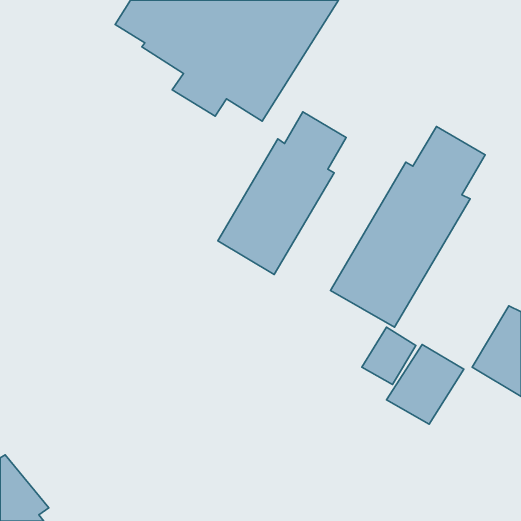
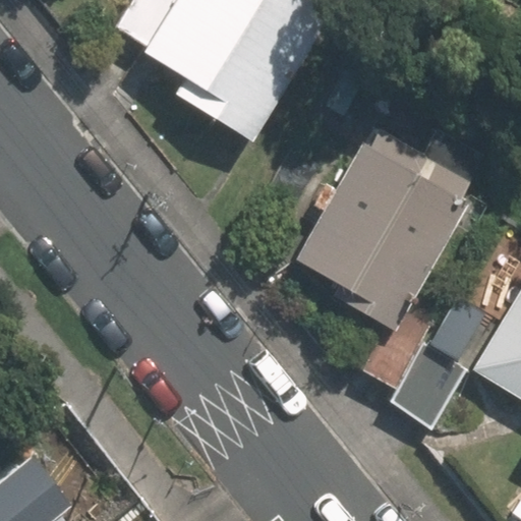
building: [218,112,346,275] -> none

